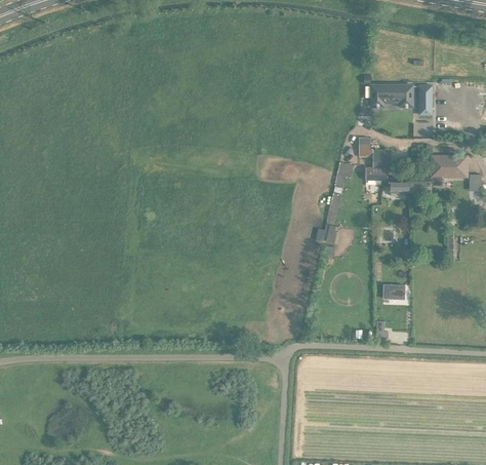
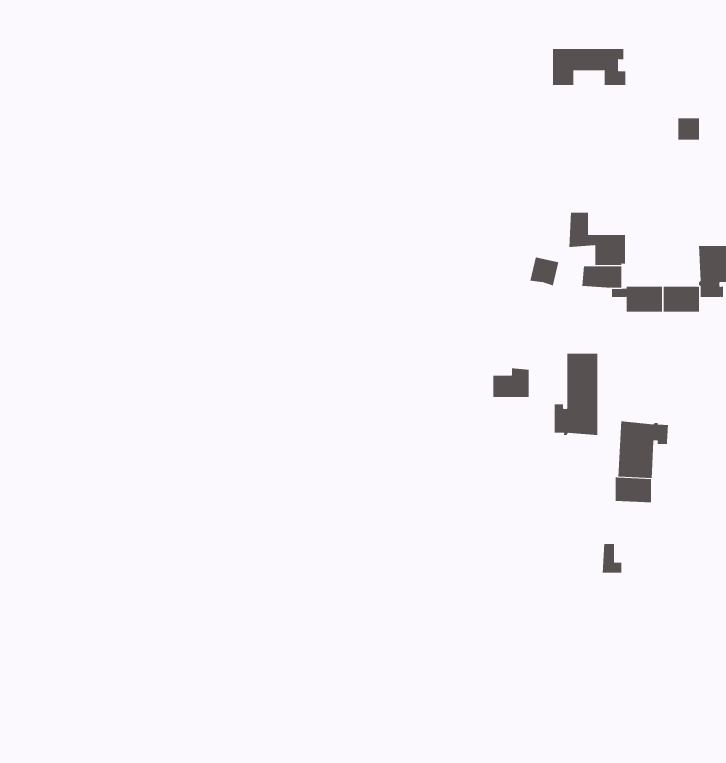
building: [371,85,412,106] -> [552,49,626,86]
building: none -> [554,353,598,436]
building: none -> [618,420,668,479]

